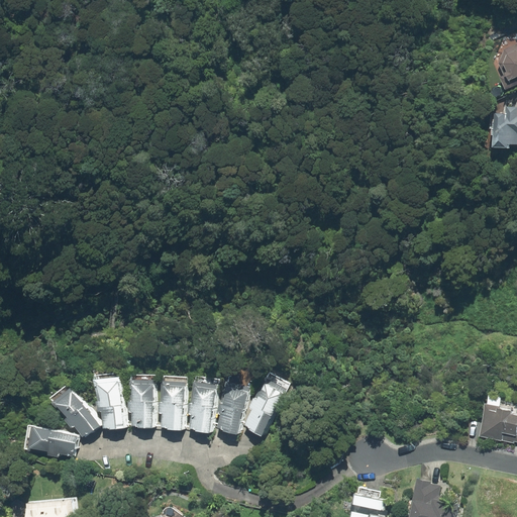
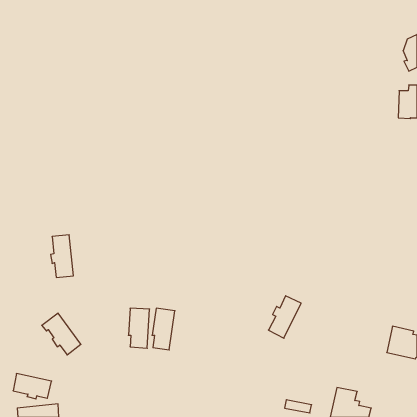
building: [128,376,153,428] -> none
building: [96,377,124,429] -> [51,235,73,277]
building: [243,384,284,436] -> [268,296,301,338]
building: [216,387,247,434] -> none
building: [30,426,78,457] -> [13,374,52,399]

